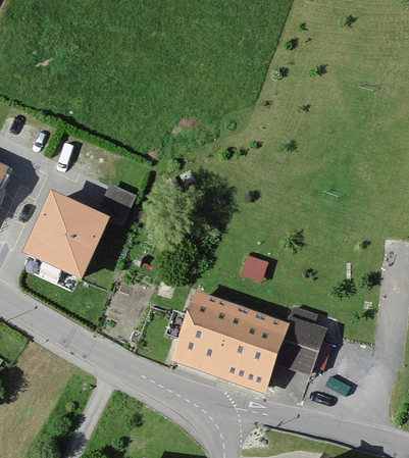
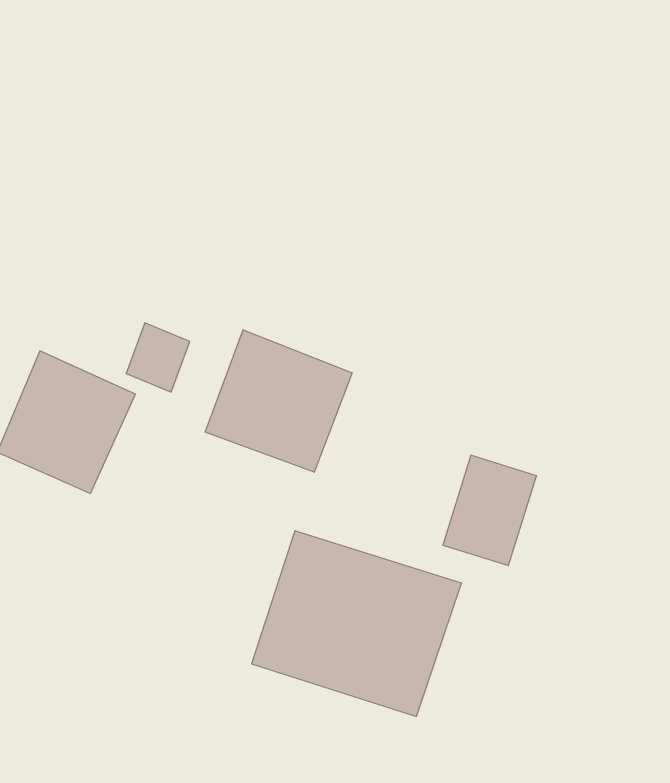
building: none -> [205,330,352,472]
building: [275,314,326,374] -> [443,455,537,566]

